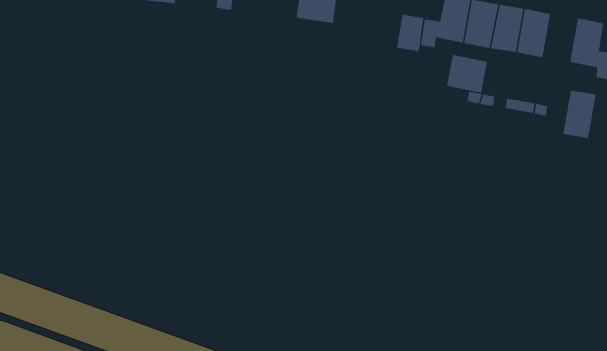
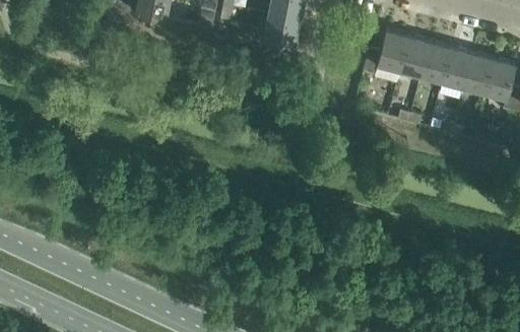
building: [396,14,424,52] -> none
building: [446,54,488,94] -> none
building: [562,90,597,138] -> [462,53,493,93]

